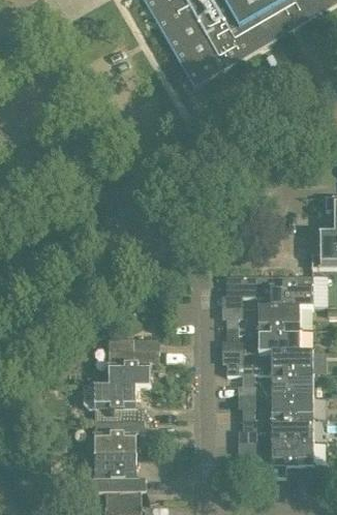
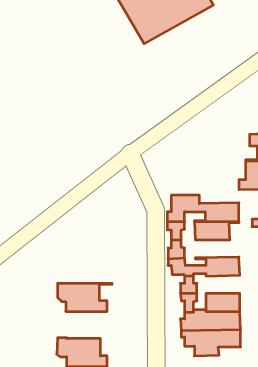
building: [256,329,311,352] -> none
building: [109,336,159,384] -> none
building: [270,373,312,396] -> none
building: [94,419,146,453] -> none

